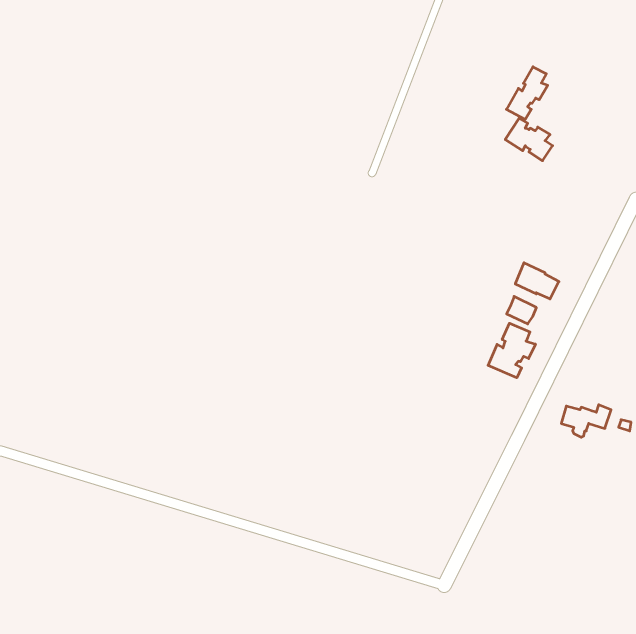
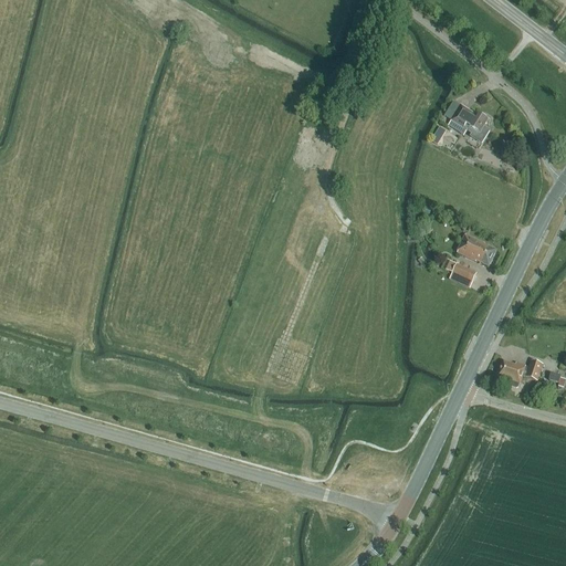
building: [506,67,548,119] -> none
building: [488,323,535,378] -> none

